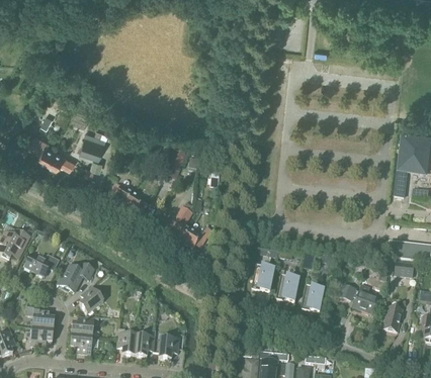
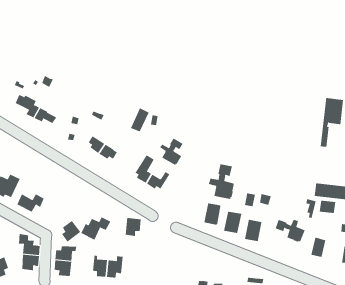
building: [80,130,105,157] -> none
building: none -> [159,138,183,166]
building: none -> [208,163,235,200]
building: [58,262,95,291] -> [81,216,111,241]
building: [159,336,179,359] -> [125,218,141,237]

